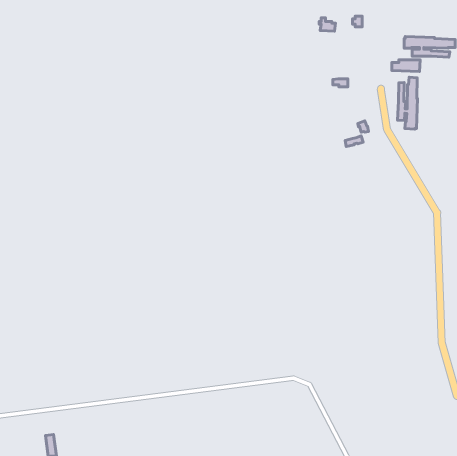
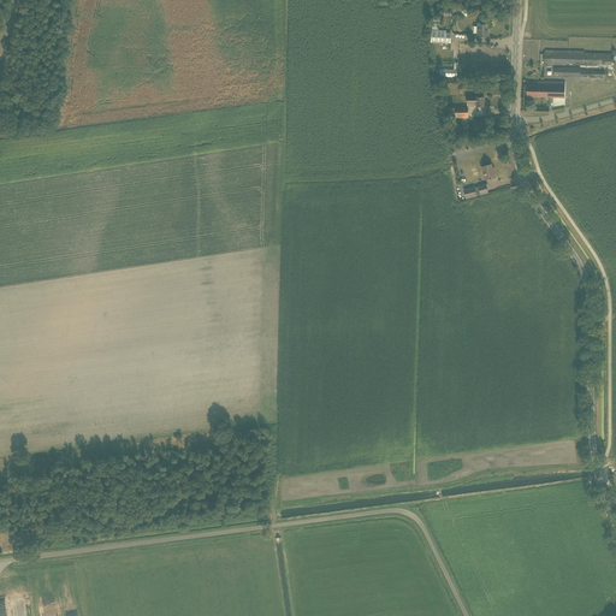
building: [397,77,418,129] -> none

